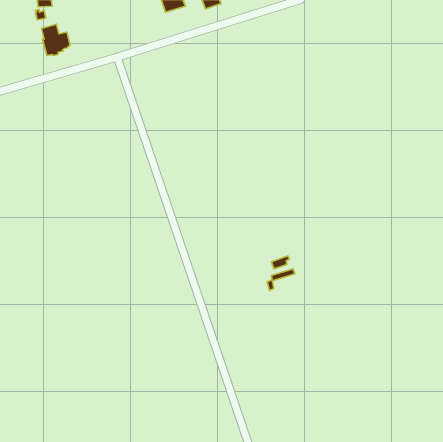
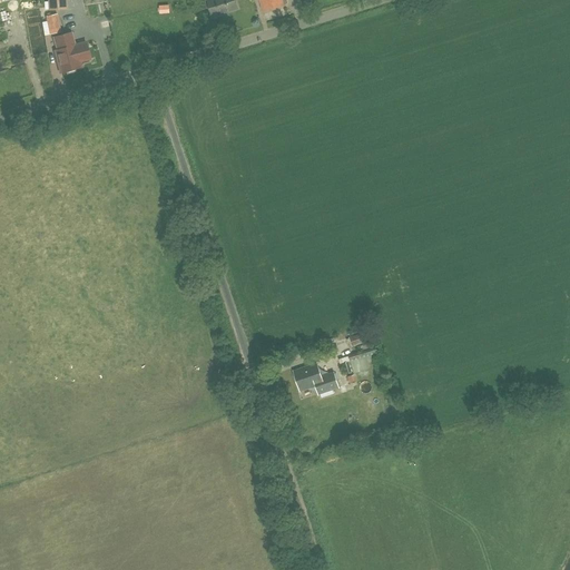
building: none -> [294,362,338,393]

